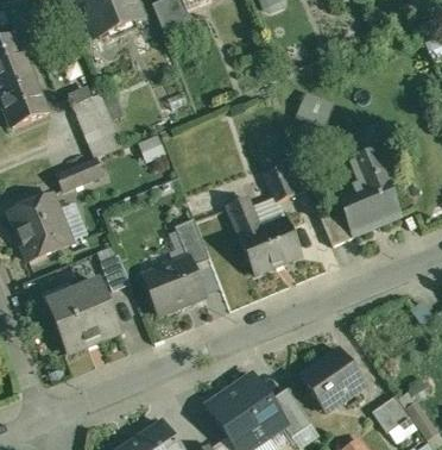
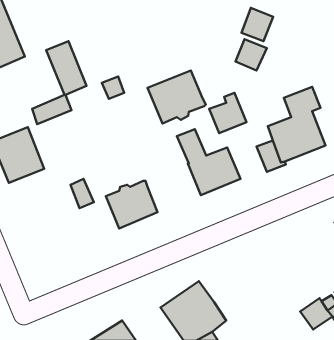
building: none -> [242,8,273,41]
building: none -> [148,70,206,124]
building: [175,217,209,263] -> none
building: [45,280,119,350] -> none
building: [301,348,364,411] -> none
building: [270,386,310,435] -> none

